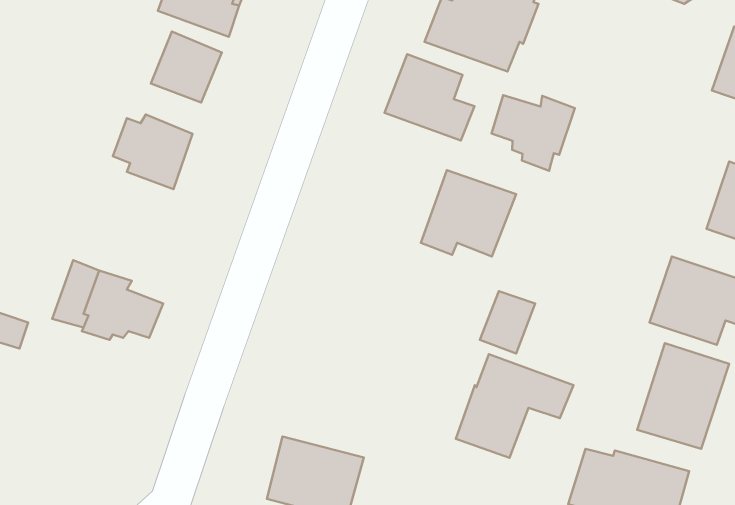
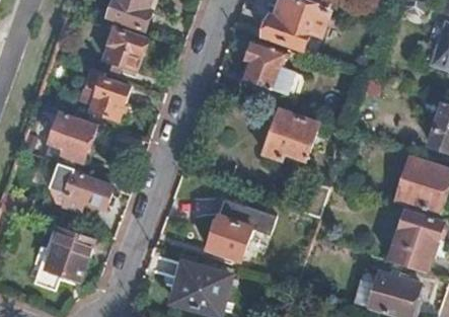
building: [492,95,575,171] -> none
building: none -> [50,112,93,161]
building: [456,354,574,458] -> [207,196,276,257]
building: none -> [33,230,92,290]

